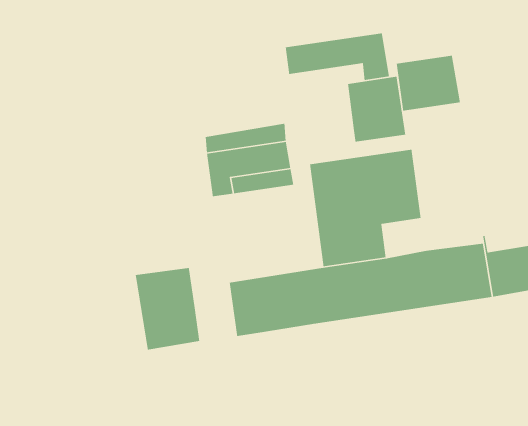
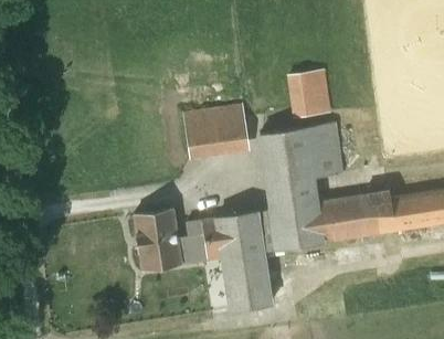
building: [285,33,390,81] -> none
building: [396,55,461,112] -> none
building: none -> [178,221,208,264]
building: none -> [222,252,272,310]

